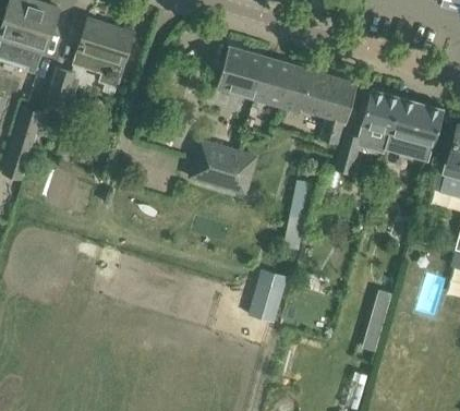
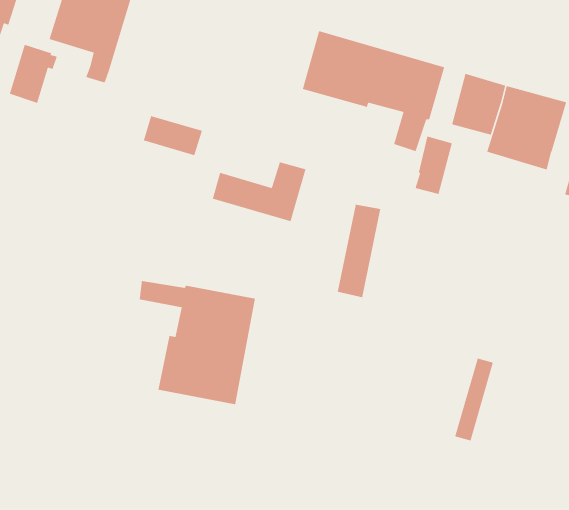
building: [217,47,267,100] -> none
building: [196,141,239,170] -> [143,115,202,156]
building: none -> [139,280,256,405]
building: [246,280,280,321] -> none

